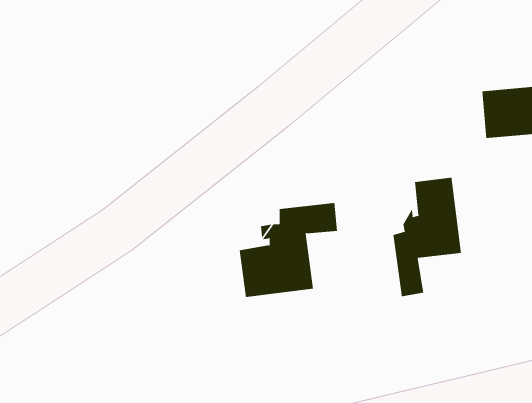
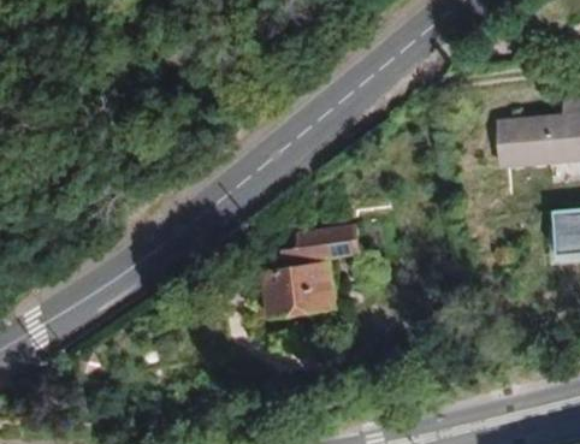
building: [393,177,462,297] -> none

